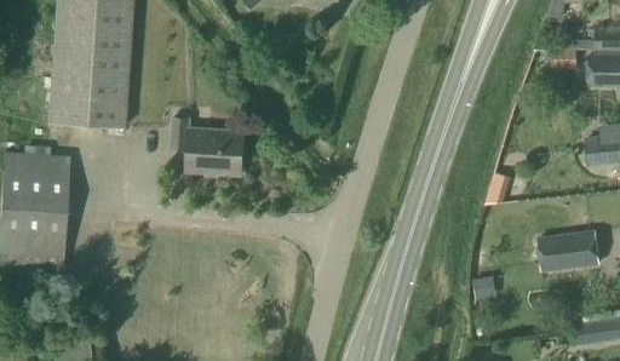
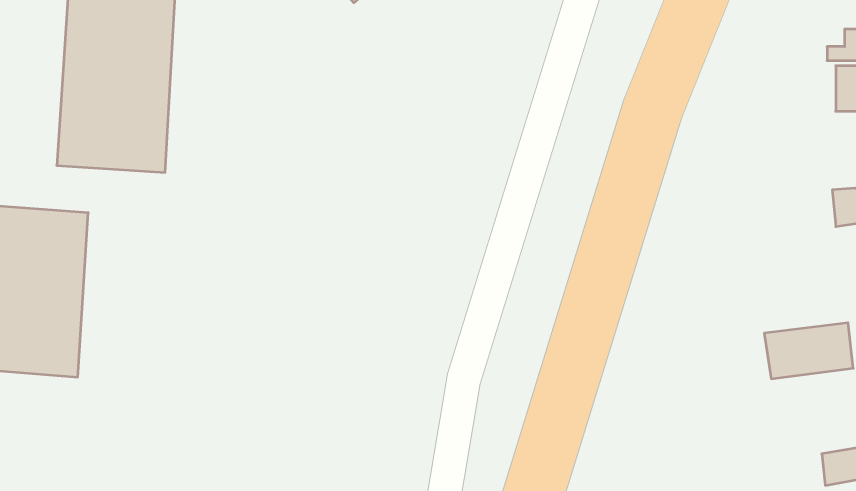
building: [172,118,243,174] -> none

